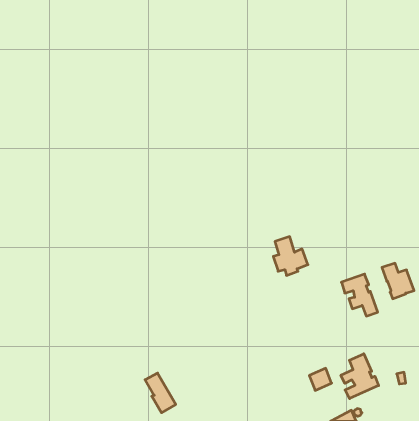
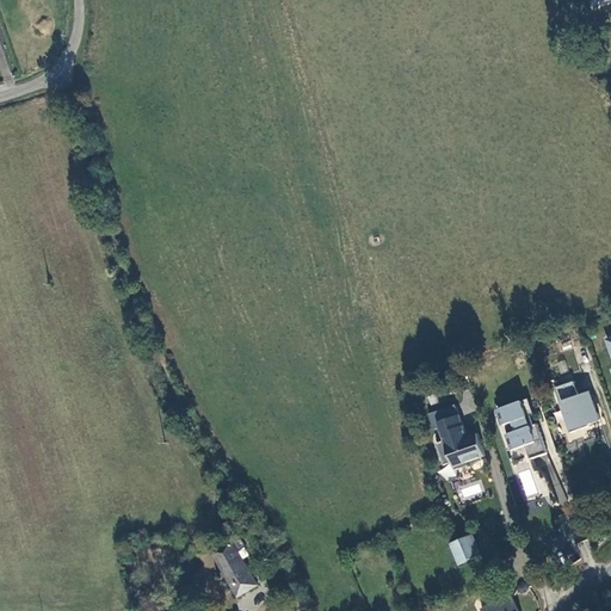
building: [273,237,308,275] -> [433,414,483,470]
building: [341,354,379,399] -> none

